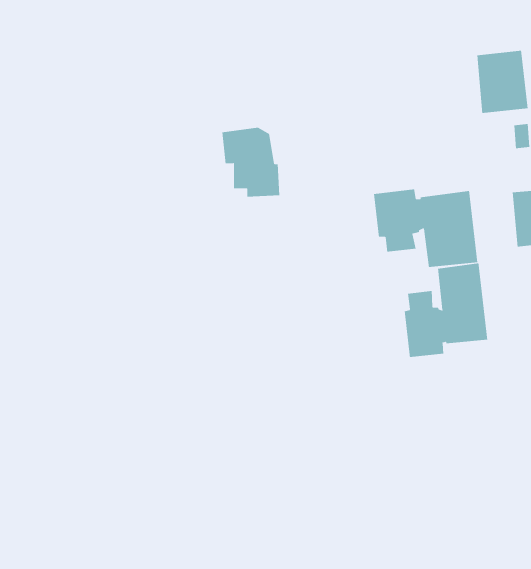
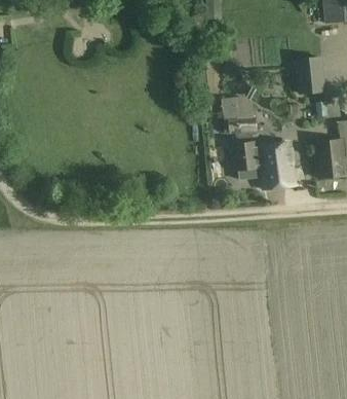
building: [222,127,280,197] -> [222,96,258,139]
building: [404,263,488,358] -> none

